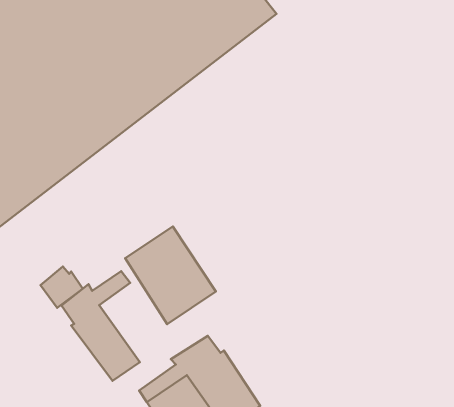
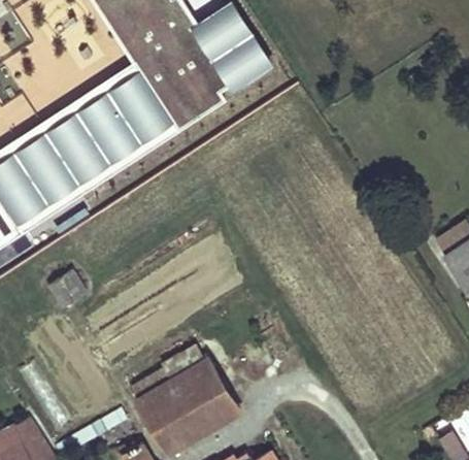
building: [125,226,216,324] -> none
building: [61,271,140,381] -> none

